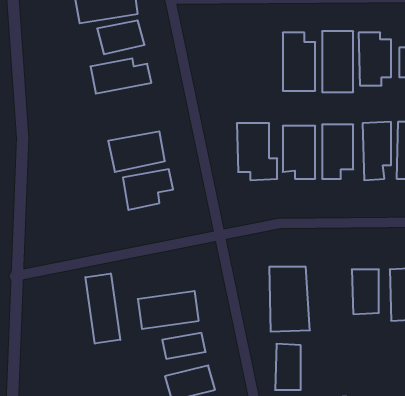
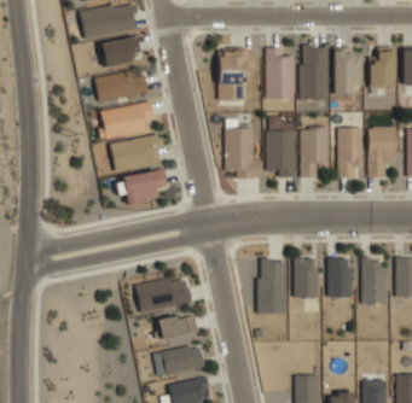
building: none -> [219,48,254,100]
building: none -> [99,103,153,138]
building: [85,273,120,344] -> none
building: [275,344,301,390] -> [292,257,315,298]

